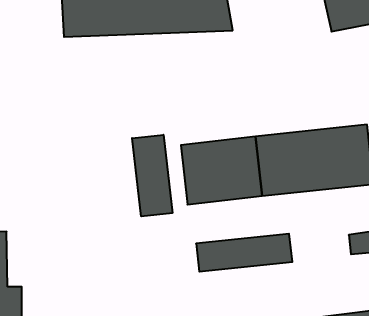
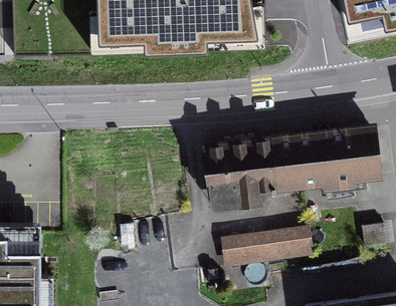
building: [132,135,172,216] -> none

